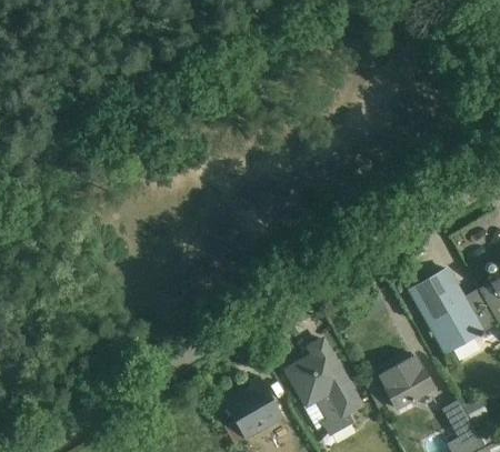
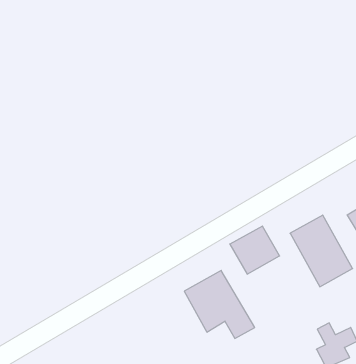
building: [374,354,436,413] -> [230,226,280,274]
building: [223,381,283,441] -> none

